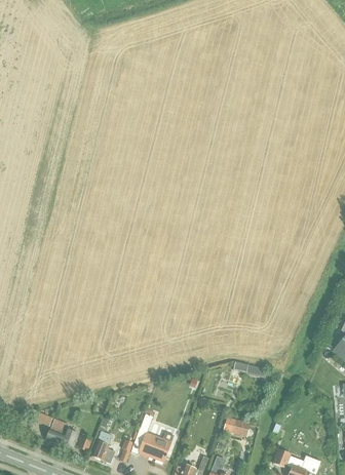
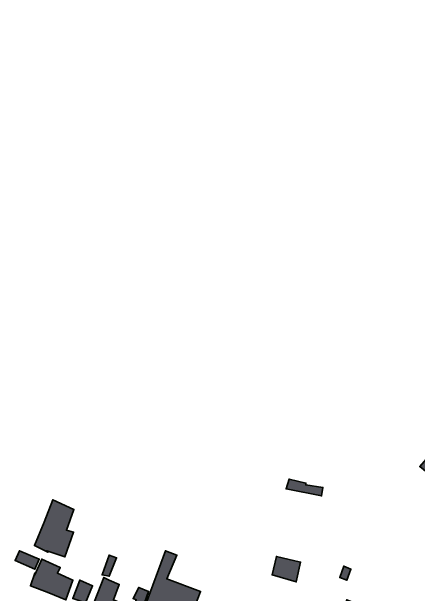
building: none -> [34,500,74,557]

